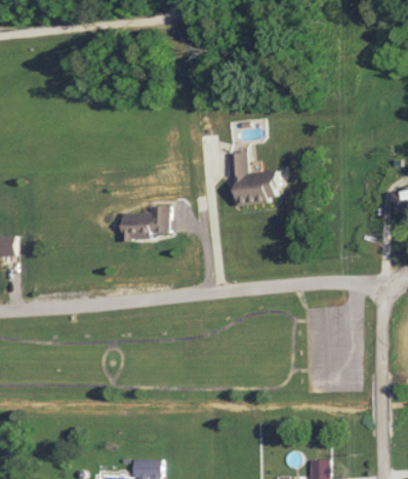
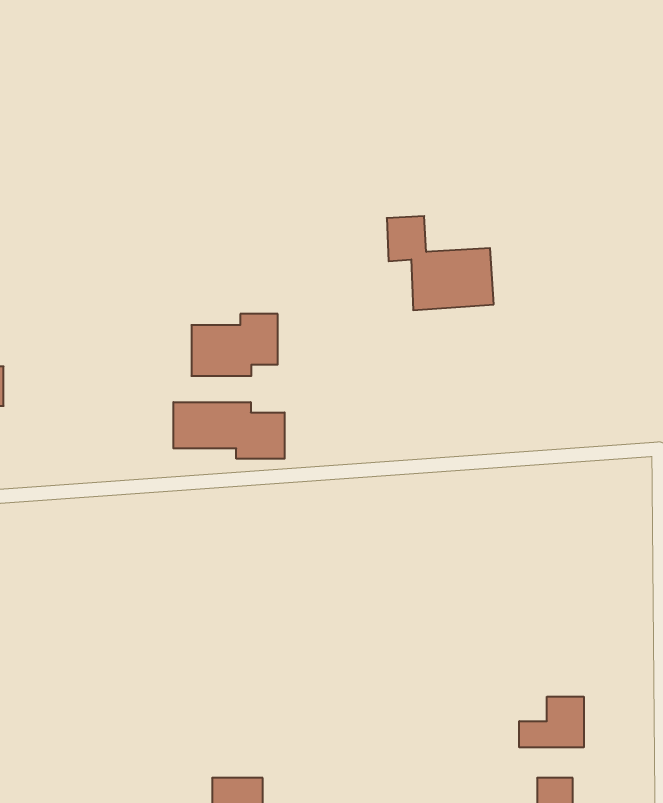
building: none -> [173,402,285,459]
building: none -> [519,697,584,747]

